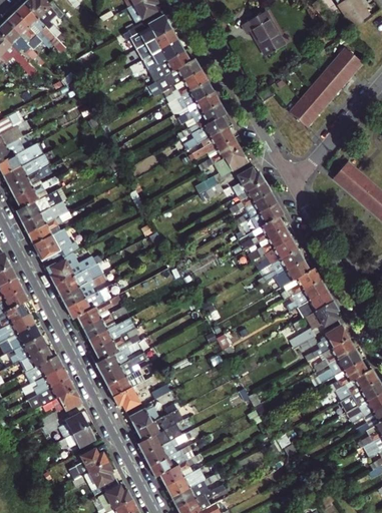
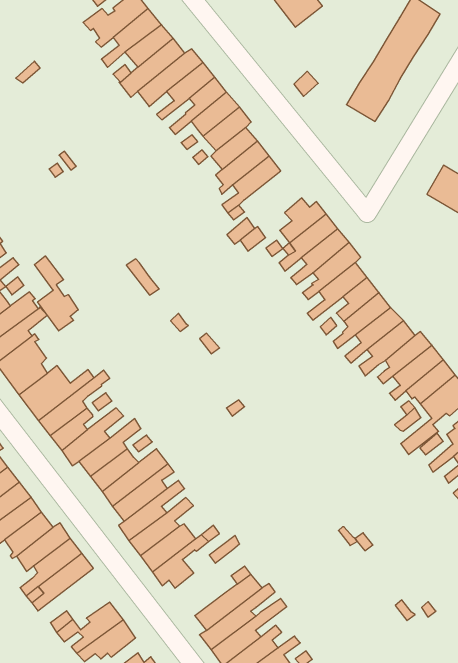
building: [213,147,248,172] -> none
building: none -> [34,256,78,331]
building: [33,387,81,415] -> none
building: [128,406,158,429] -> none

